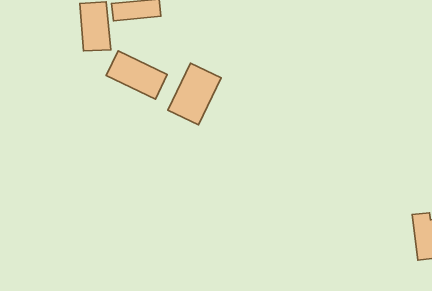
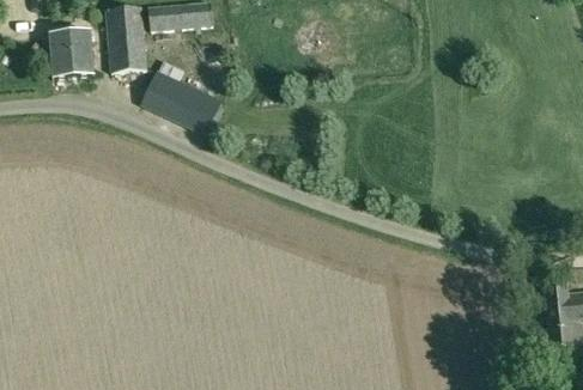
building: none -> [50,31,93,77]
building: [168,63,221,125] -> none

